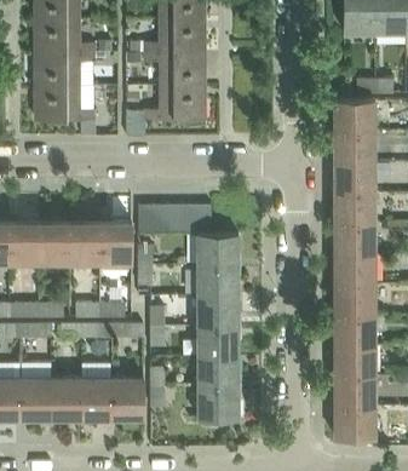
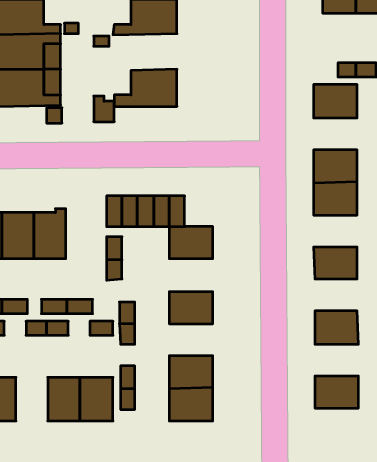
building: [144,52,205,87] -> none
building: [334,132,375,162] -> none
building: [99,218,131,265] -> none
building: [334,224,375,254] -> none
building: [197,265,239,297] -> none
building: [335,285,375,315] -> none
building: [197,327,239,357] -> none
building: [335,346,377,377] -> none
building: [52,378,82,419] -> none
building: [335,407,377,438] -> none

